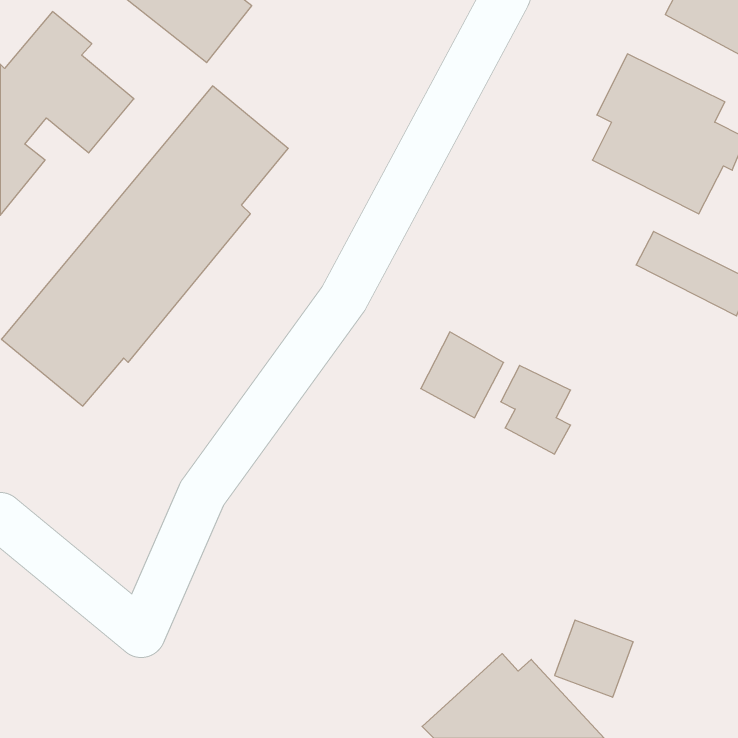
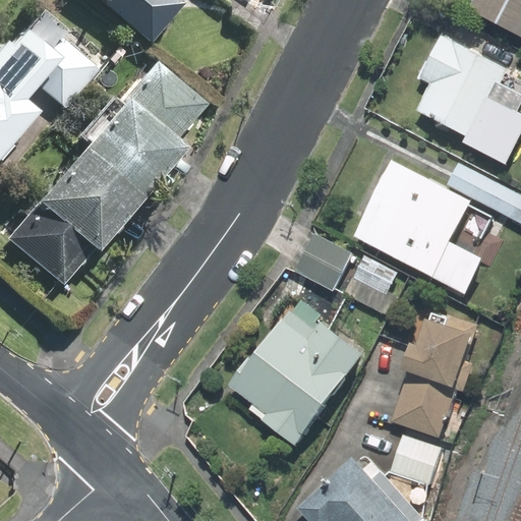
building: none -> [355,165,496,296]
building: none -> [230,302,366,449]
building: none -> [394,321,473,439]

